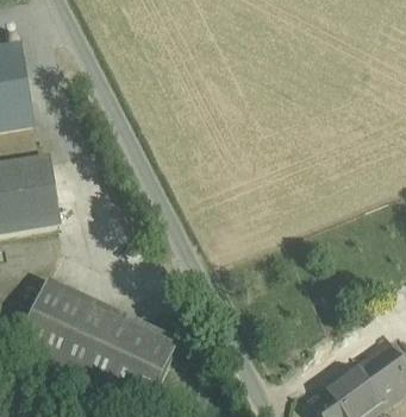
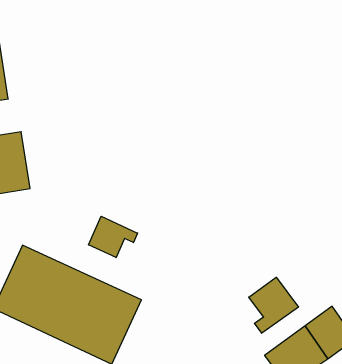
building: none -> [89,216,138,258]
building: none -> [249,277,298,333]

